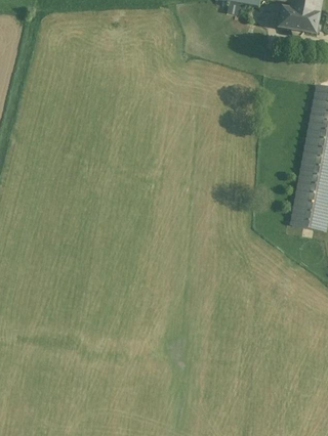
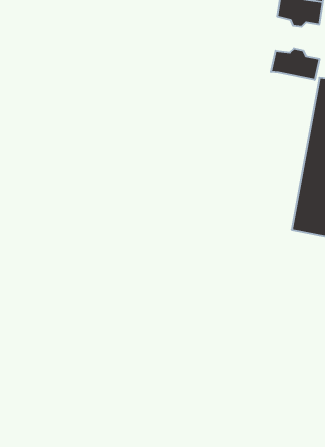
building: none -> [271,48,319,80]

